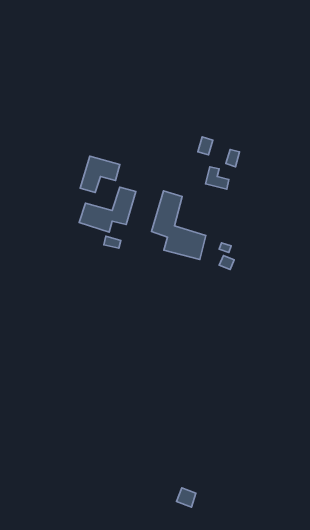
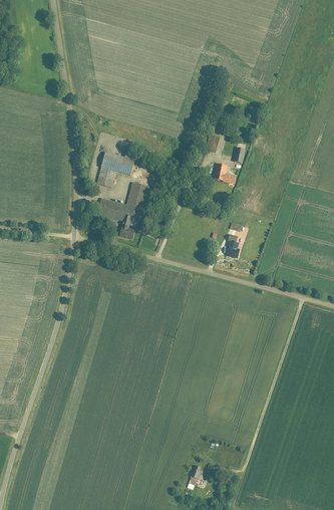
building: [152,191,206,260] -> none

